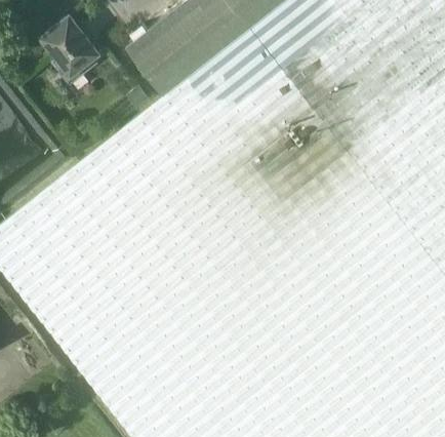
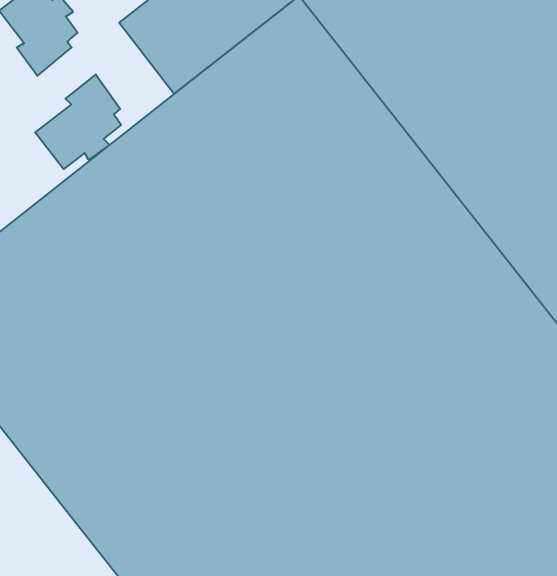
building: none -> [35,74,121,169]

